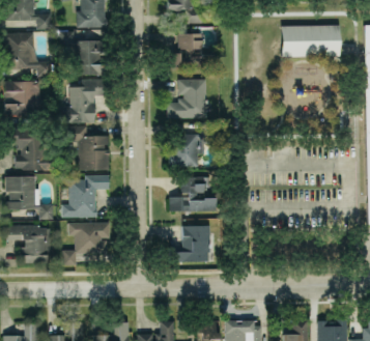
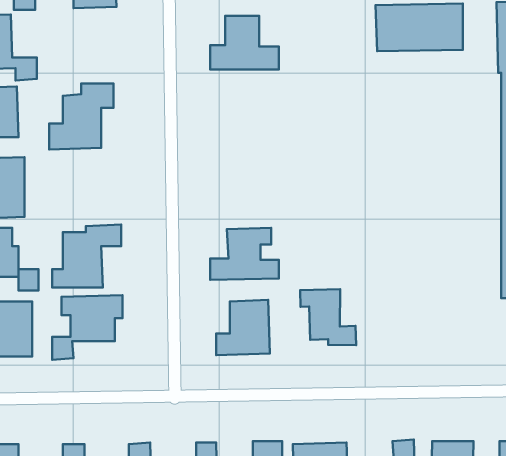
building: [60,31,103,75] -> none
building: [167,79,206,118] -> none
building: [171,124,212,167] -> none
building: [64,126,109,170] -> none
building: none -> [300,289,356,345]

